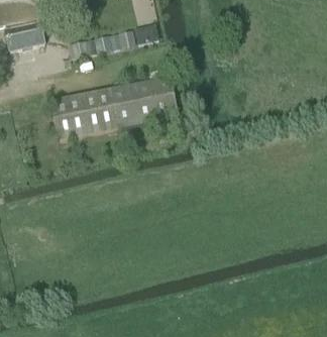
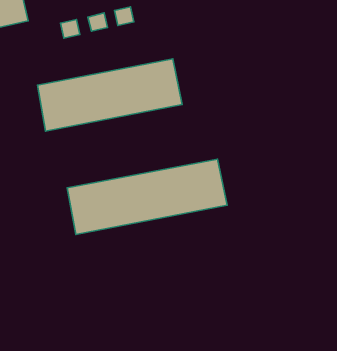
building: none -> [67,159,227,234]

